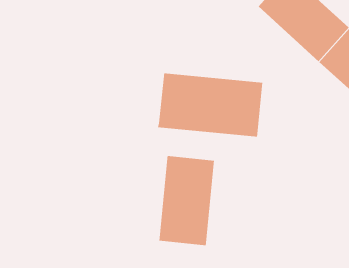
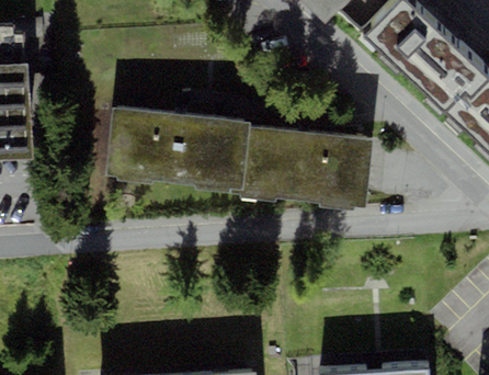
building: none -> [105,106,250,188]
building: [159,155,214,246] -> none

